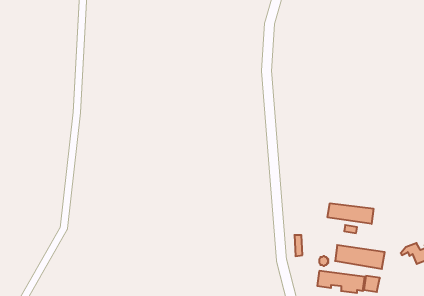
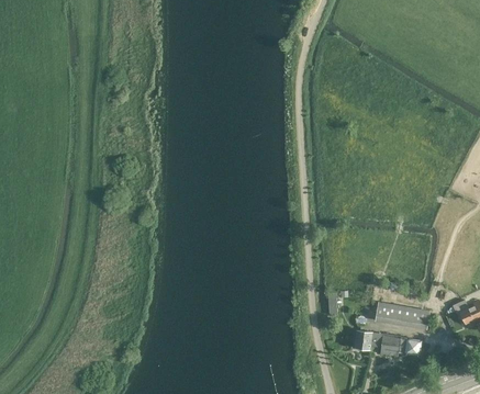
building: [328,203,373,224] -> none

